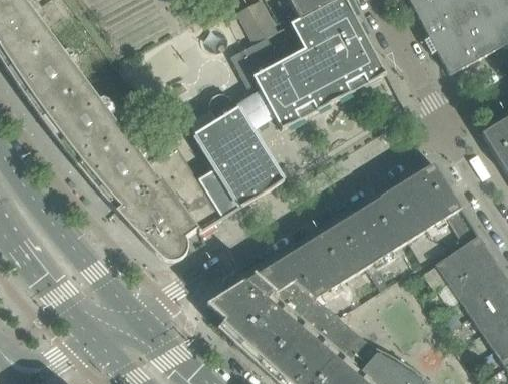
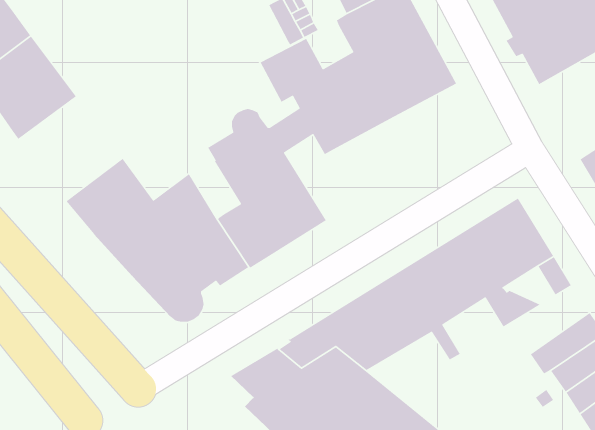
building: [41,82,123,164] -> none
building: [429,234,490,286] -> none

